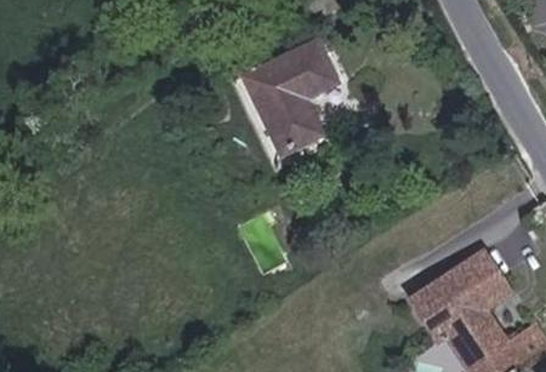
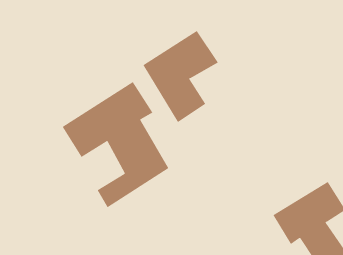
building: none -> [62,81,169,208]

